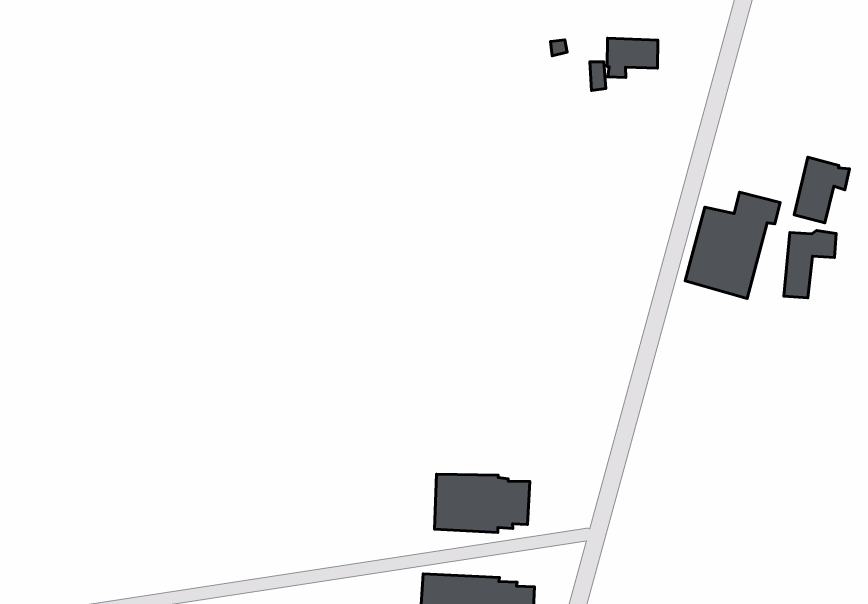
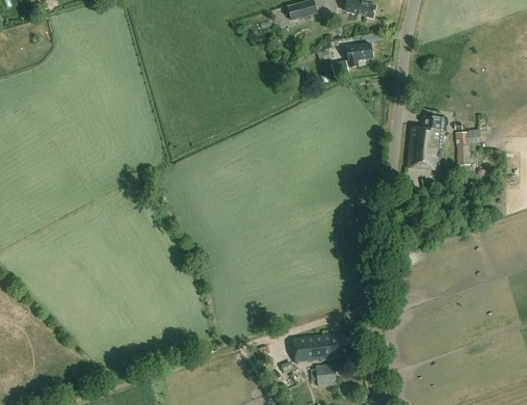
building: [794,157,850,223] -> none
building: [434,474,530,532] -> none

